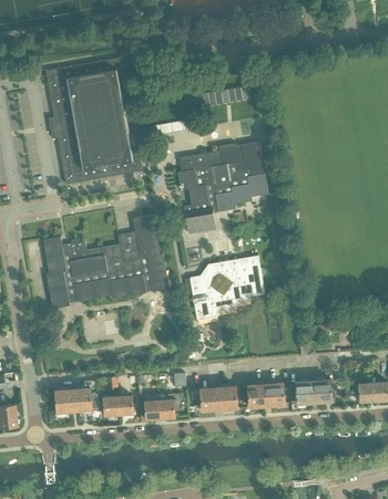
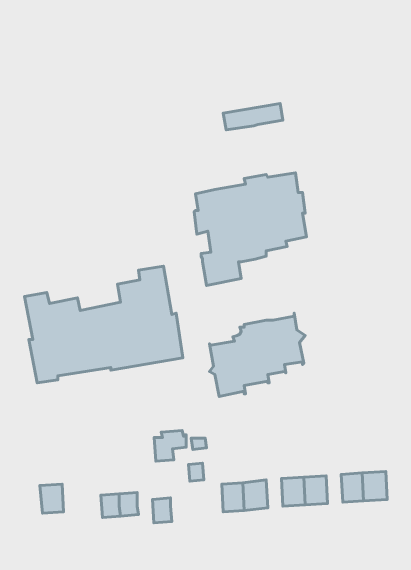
building: [44,58,142,185] -> none
building: [72,388,98,412] -> none
building: [159,395,184,419] -> [154,431,186,461]

